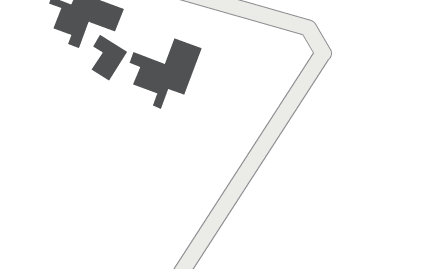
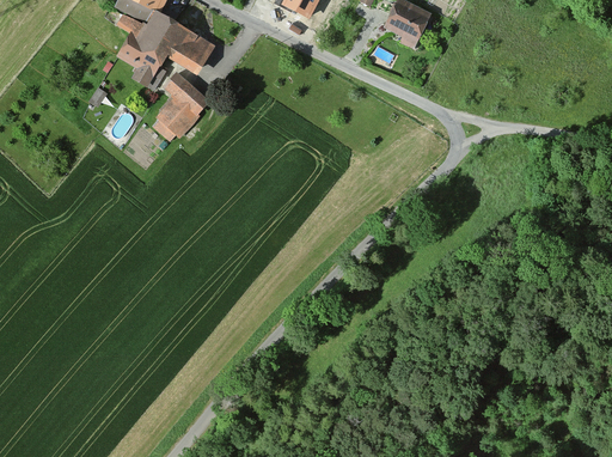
building: [129,38,203,110] -> none

